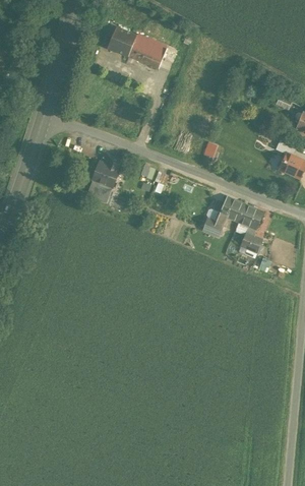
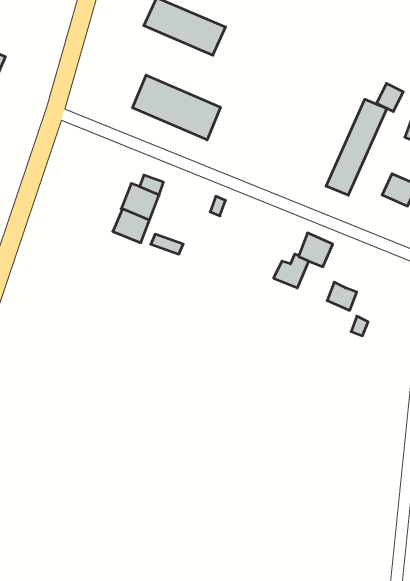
building: none -> [133,75,220,140]
building: none -> [326,99,387,195]
building: [237,203,262,235] -> none

